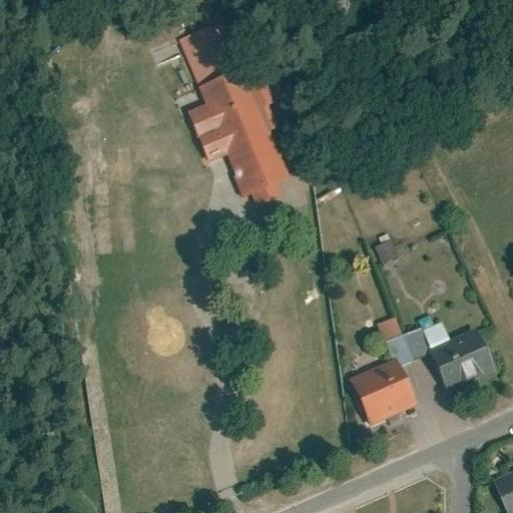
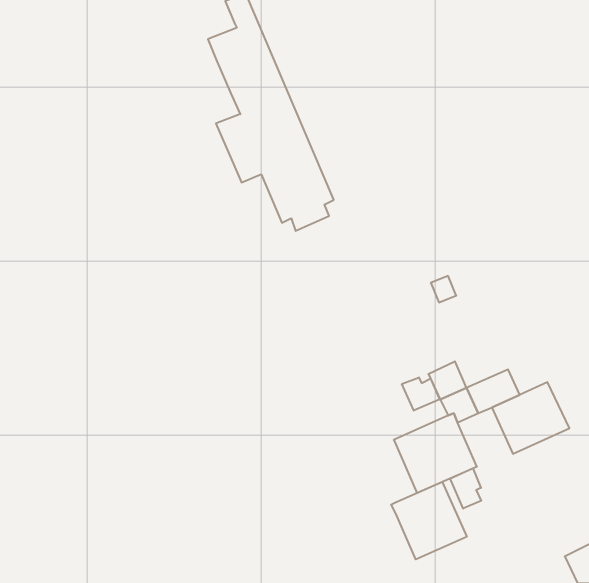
building: none -> [402,377,440,411]
building: none -> [450,468,481,509]
building: none -> [391,482,467,559]

